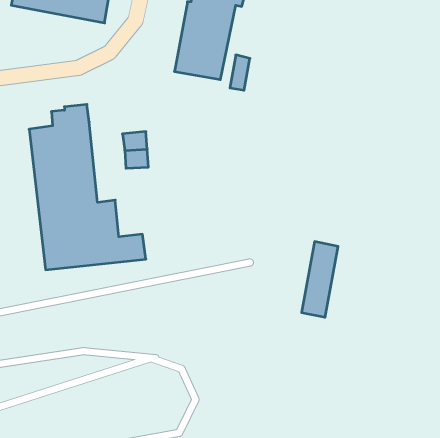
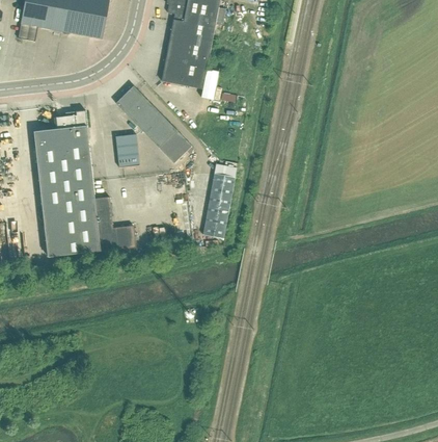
building: none -> [115,84,191,161]
building: [302,242,338,317] -> [201,171,234,237]

